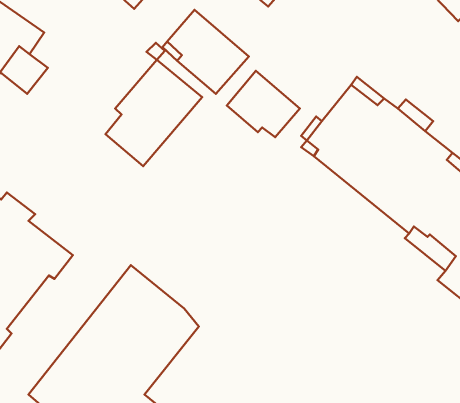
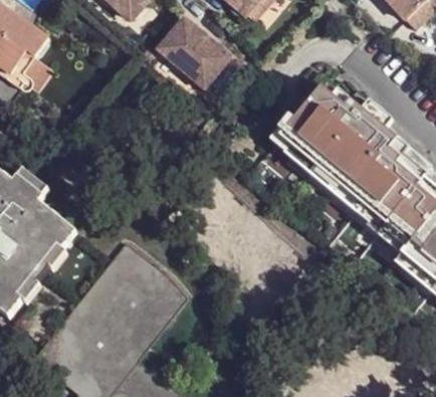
building: [106,60,202,166] -> none
building: [227,71,300,137] -> none

